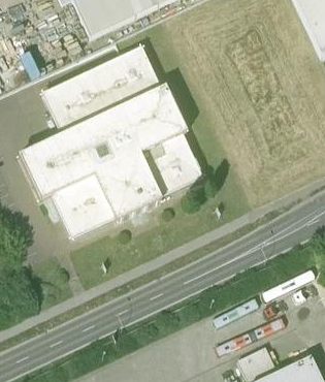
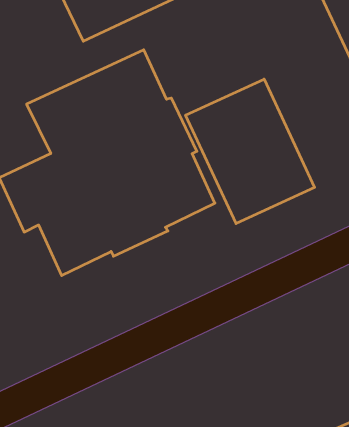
building: none -> [186,79,315,224]

